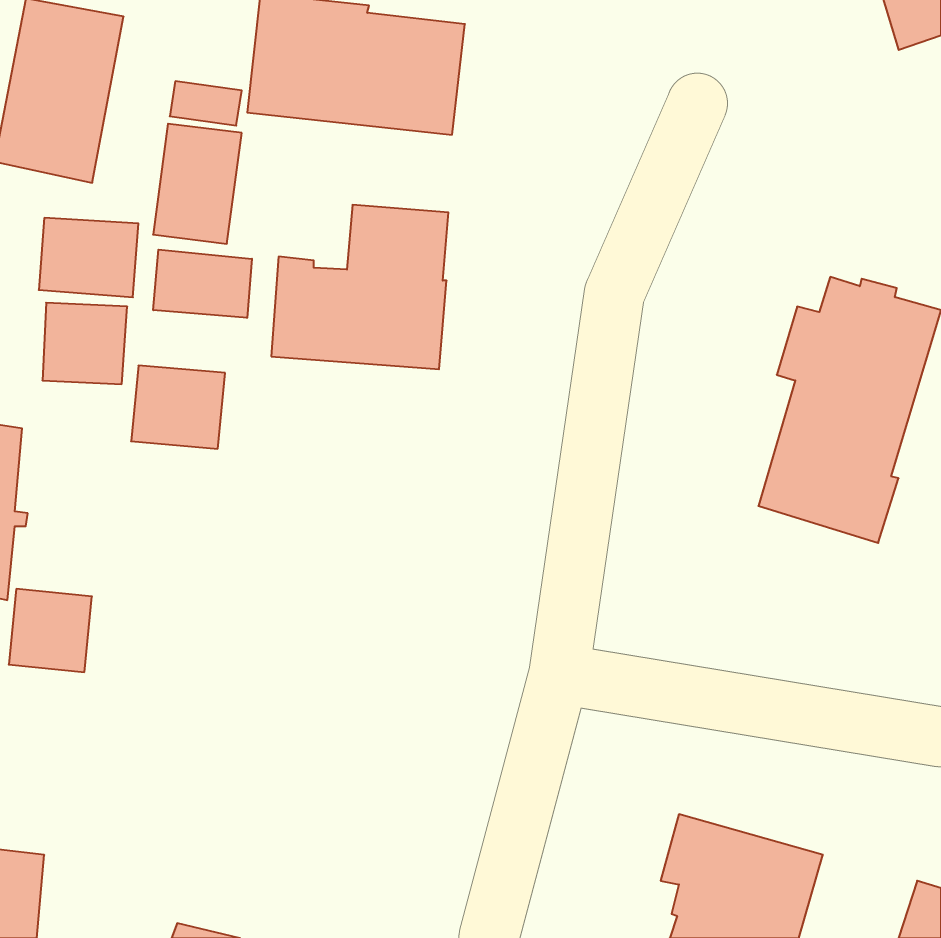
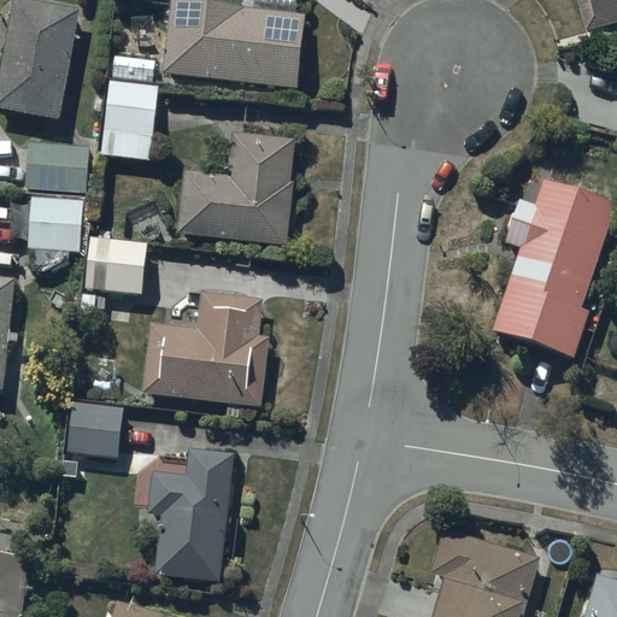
building: [153,250,252,318] -> none
building: none -> [143,294,269,417]
building: [9,589,92,672] -> [69,402,123,457]
building: none -> [148,451,233,582]

